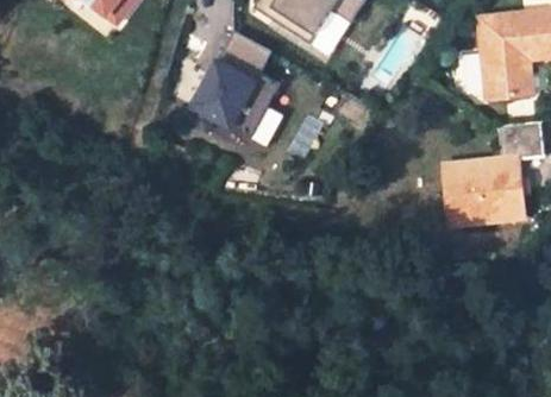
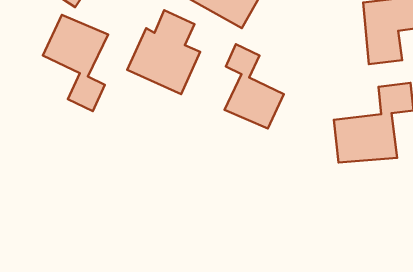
building: none -> [43,15,108,111]
building: none -> [224,44,284,128]

